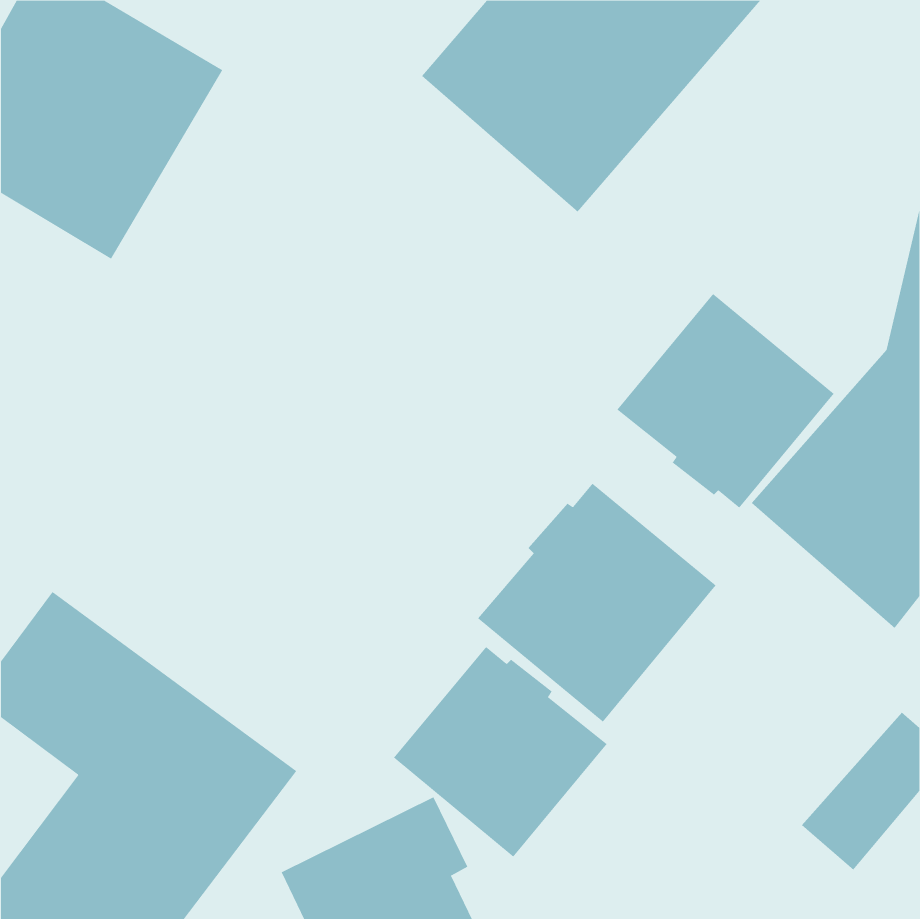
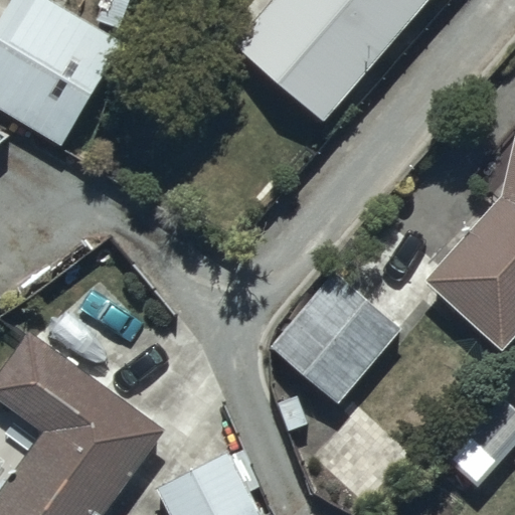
building: [617,293,834,508] -> none
building: [393,646,607,858] -> none

